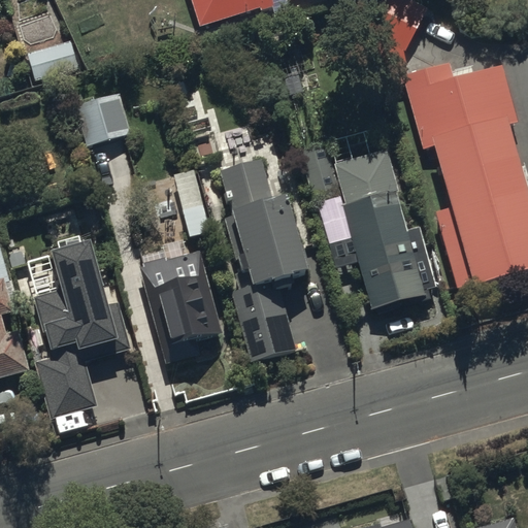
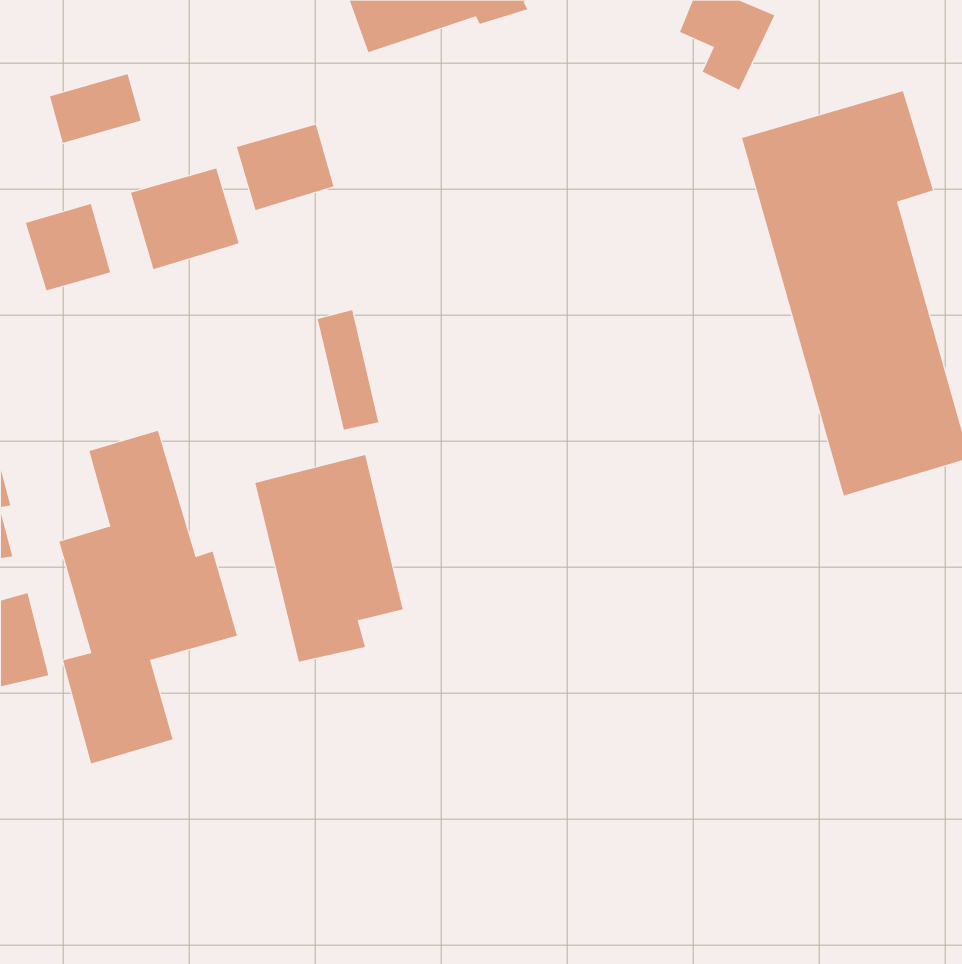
building: none -> [236,124,334,211]
building: none -> [25,203,111,291]
building: [300,143,436,305] -> none
building: [219,157,307,360] -> none

